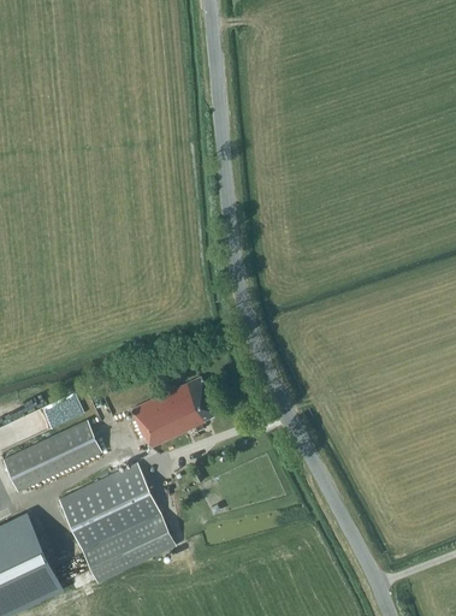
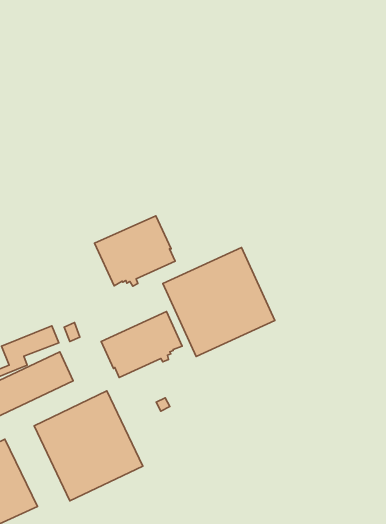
building: none -> [95,216,175,286]
building: none -> [163,247,275,356]

